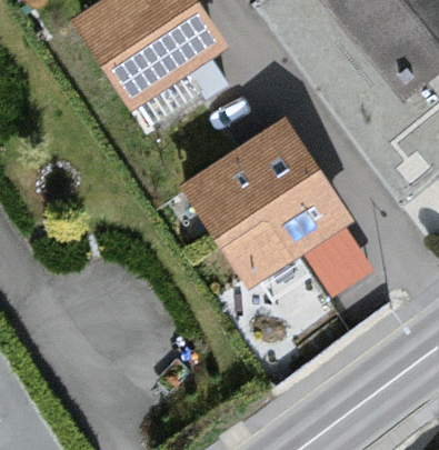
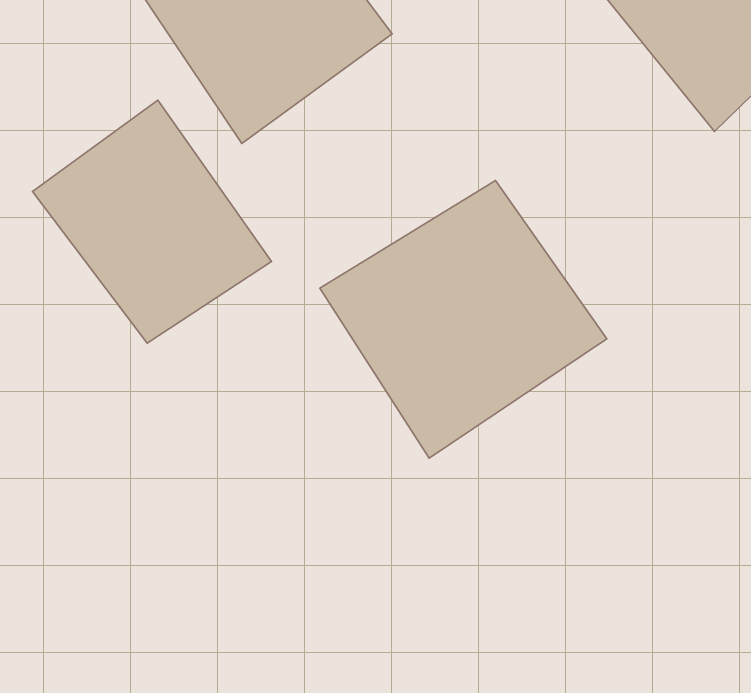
building: none -> [32,100,271,343]

